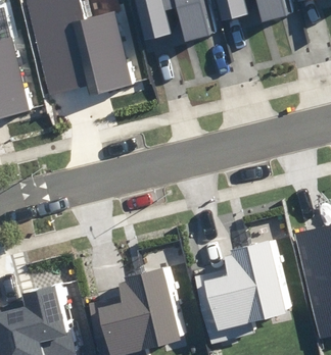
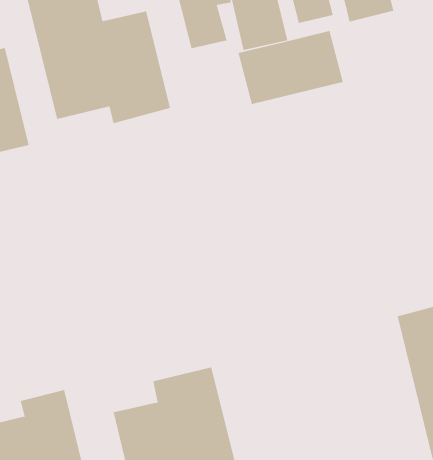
building: none -> [238,30,344,105]
building: [207,241,286,329] -> none

